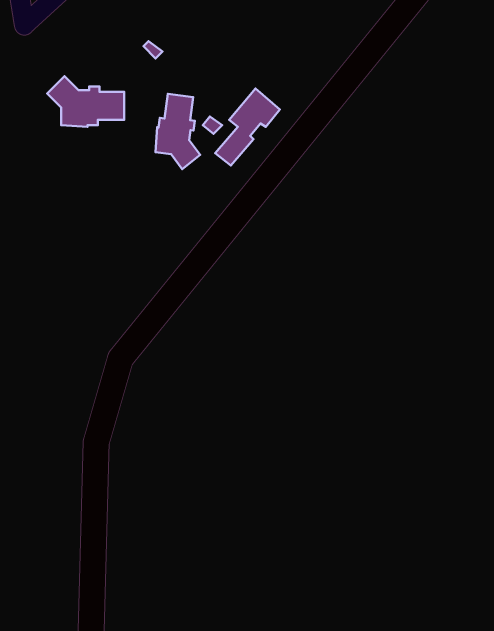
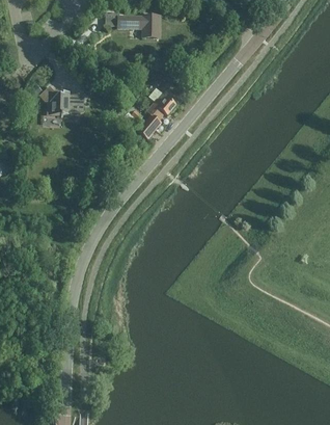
building: [155,94,200,169] -> none

